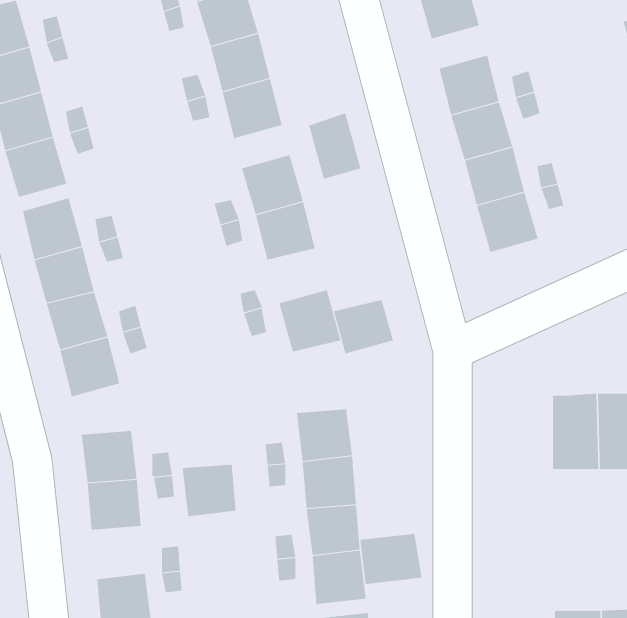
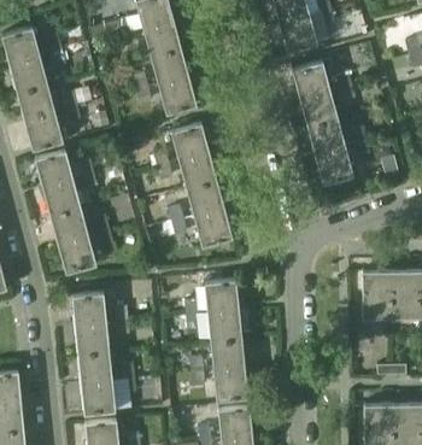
building: [309,113,361,179] -> none
building: [333,300,394,354] -> [187,182,224,216]
building: [182,464,237,517] -> [78,353,112,386]
building: [360,533,422,585] -> none

